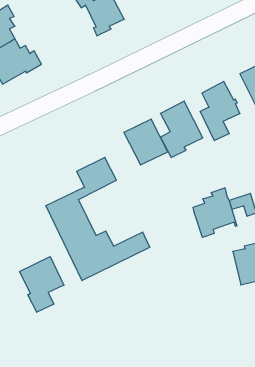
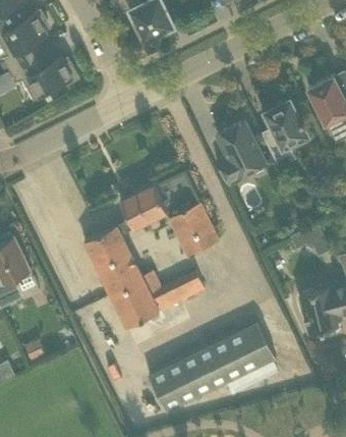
building: [124,119,168,165] -> [167,204,218,257]
building: [193,188,237,237] -> none
building: [20,257,64,312] -> none
building: none -> [148,322,275,413]

